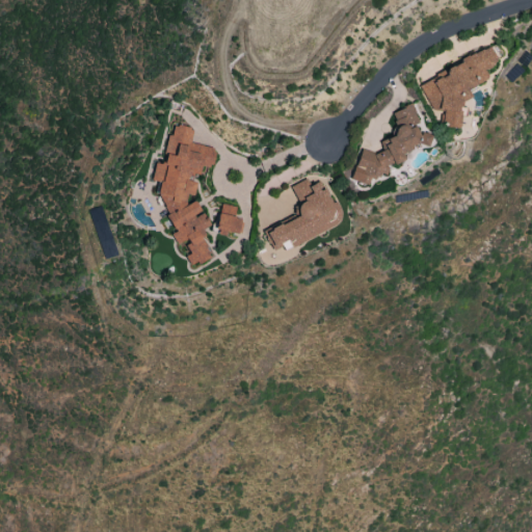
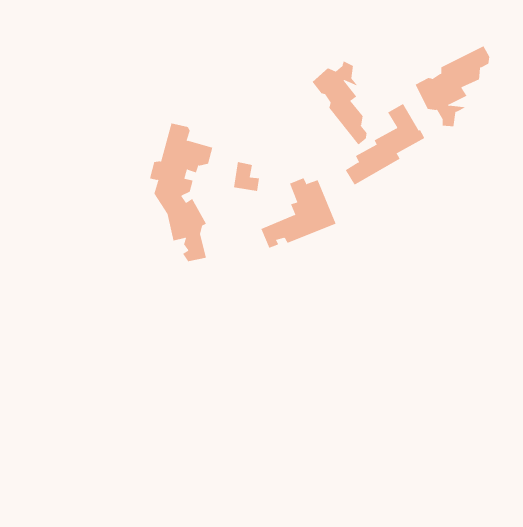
building: none -> [312,61,367,146]
building: [218,204,245,234] -> [233,162,260,192]

